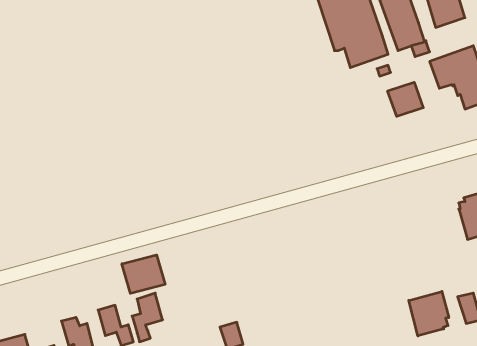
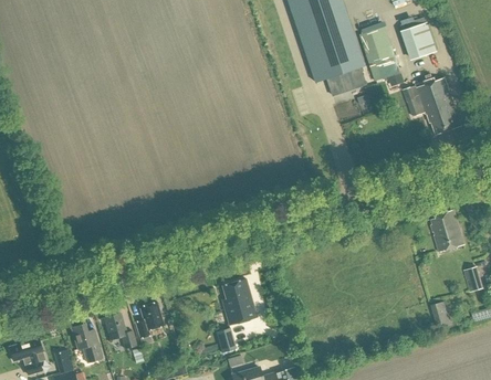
building: [388,82,423,116] -> none
building: [122,255,165,293] -> none
building: none -> [221,277,257,325]
building: [409,291,449,336] -> none

